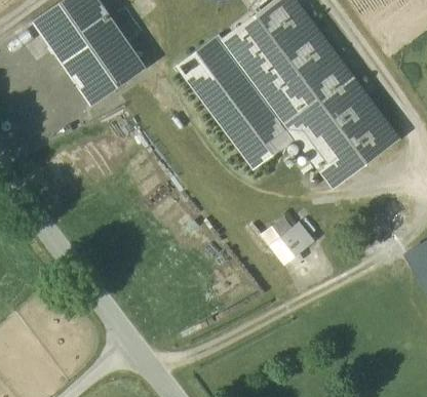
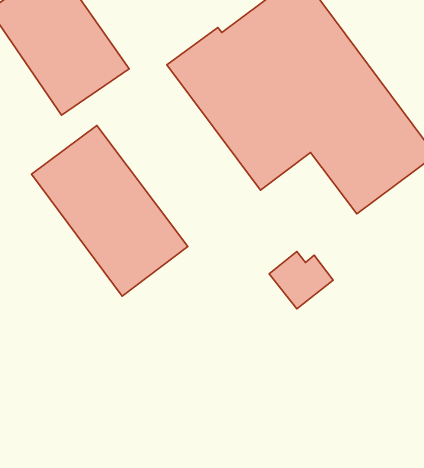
building: none -> [32,125,188,296]

